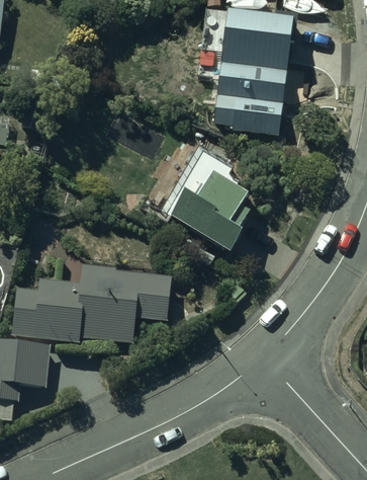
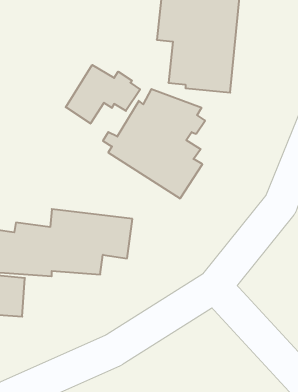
building: none -> [66,65,140,124]

